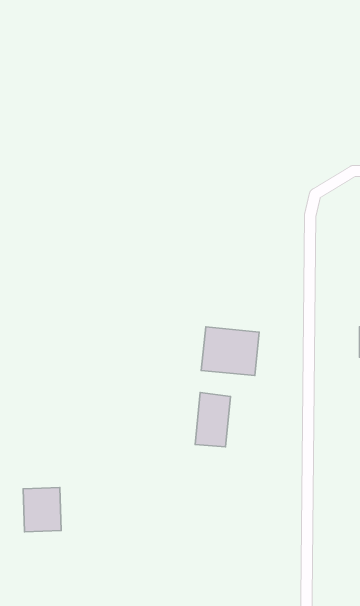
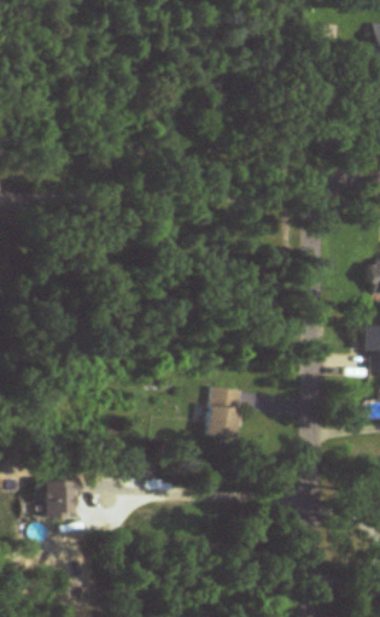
building: [201,327,259,376] -> none

